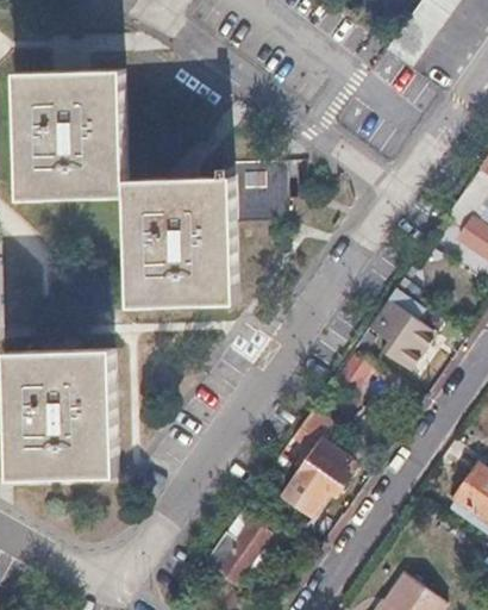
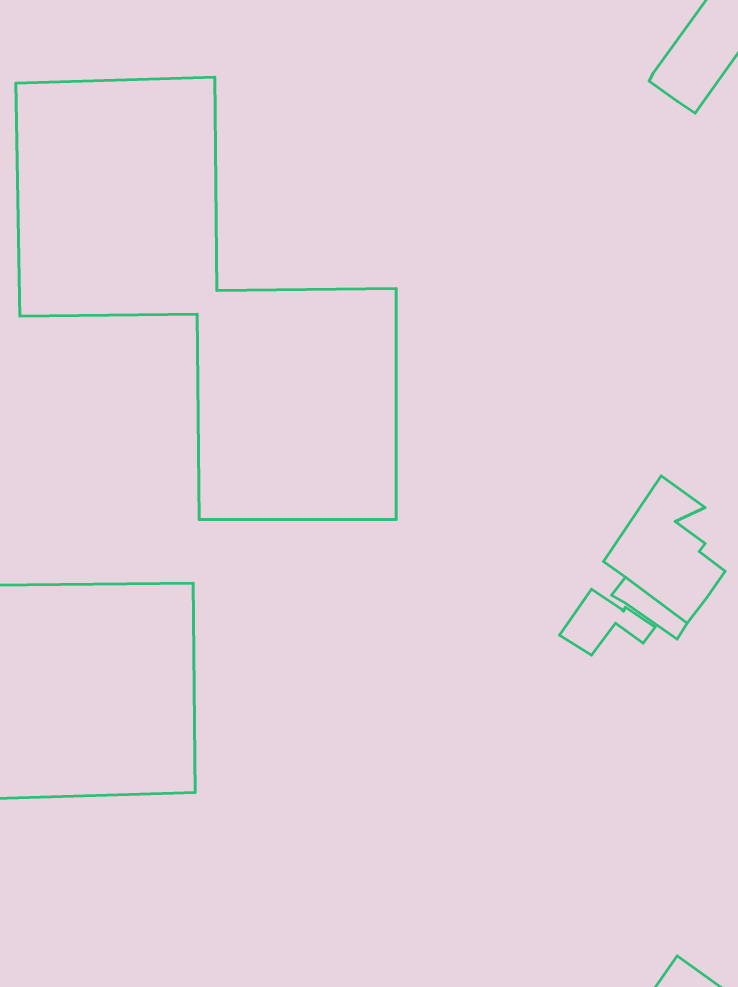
building: [287,412,352,516] -> none
building: [208,517,271,586] -> none

